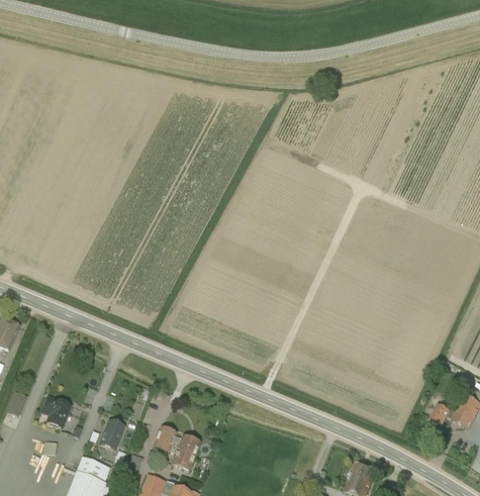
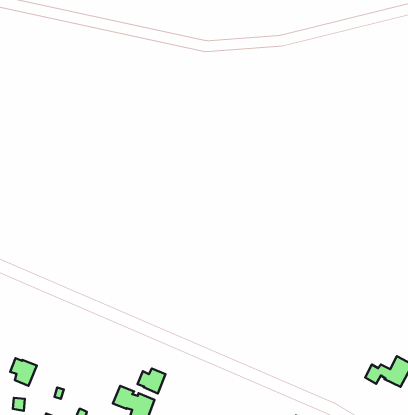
building: none -> [138,369,165,393]
building: [99,419,124,451] -> none

